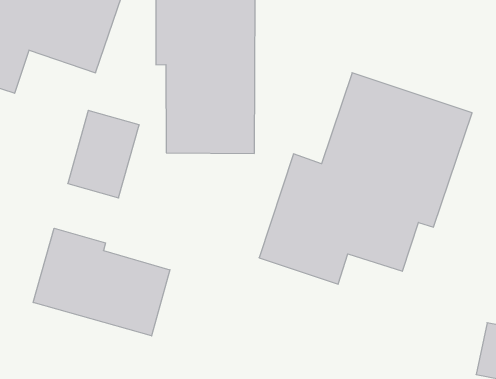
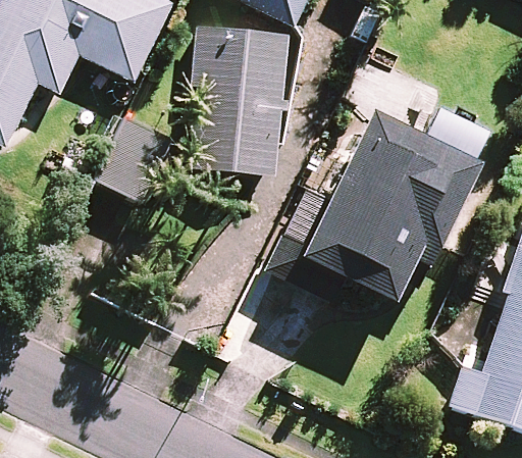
building: [33,228,170,336] -> none

